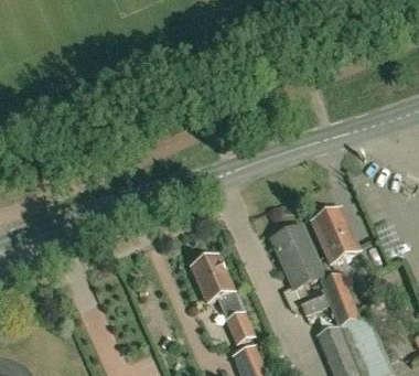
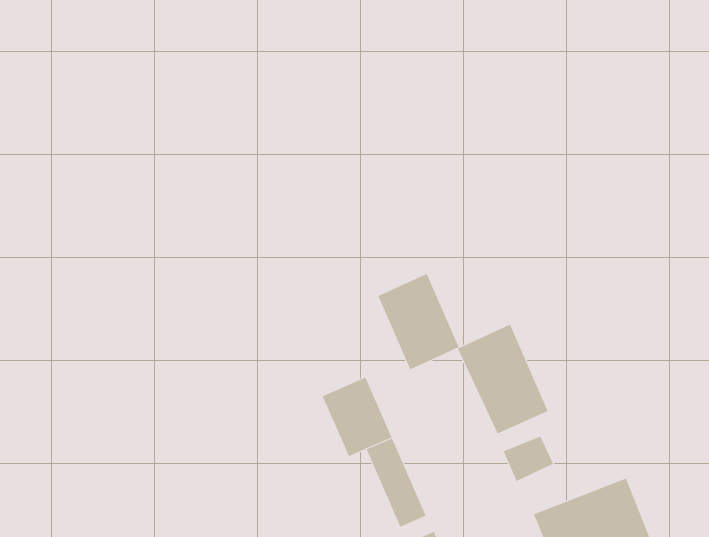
building: [312,205,359,261] -> [378,273,459,370]
building: [322,270,359,323] -> none

